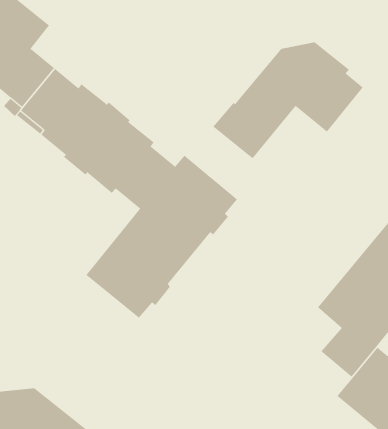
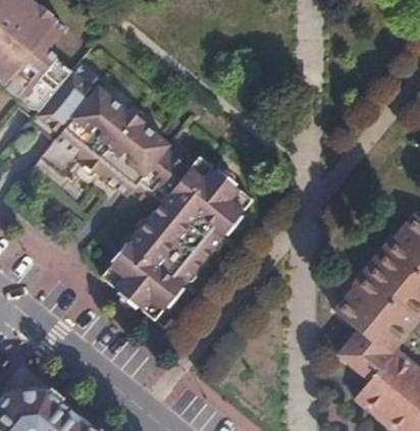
building: [213,42,364,159] -> none

